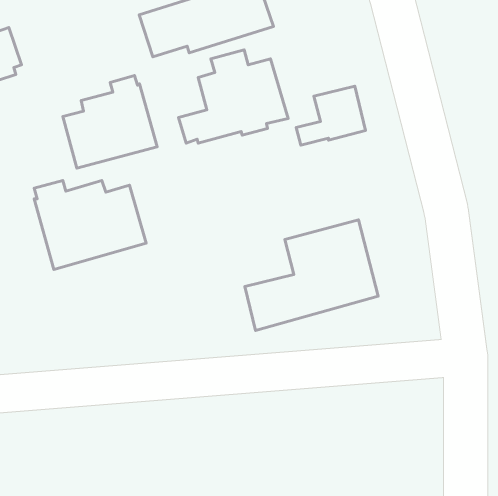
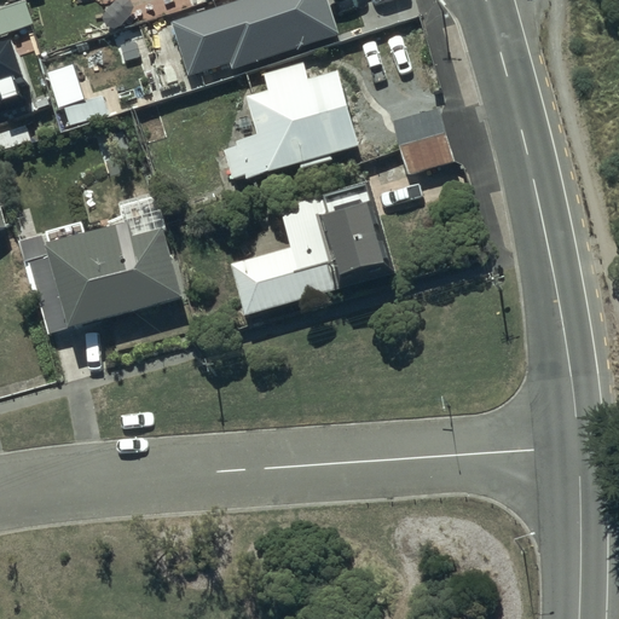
building: [63,76,157,168] -> none
building: [245,220,378,331] -> [228,180,393,317]

